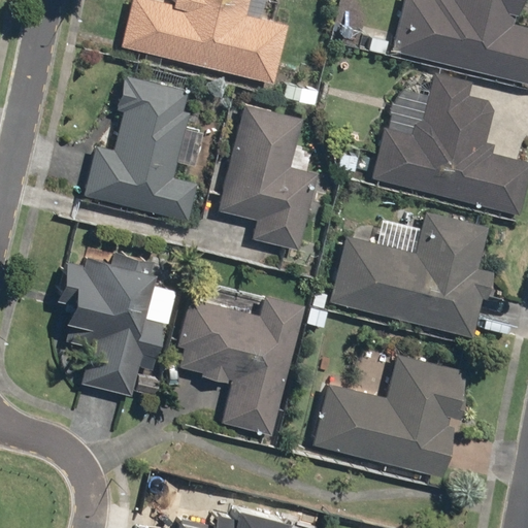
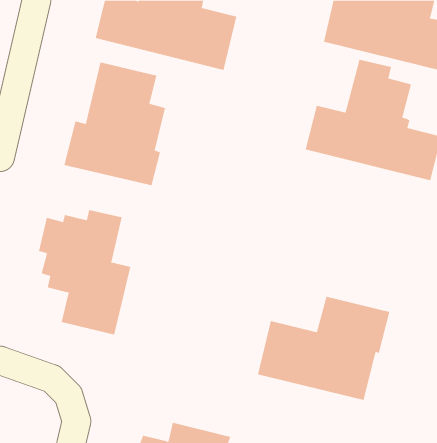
building: [219,102,317,248] -> none
building: [330,209,494,338] -> none
building: [172,295,303,435] -> none

